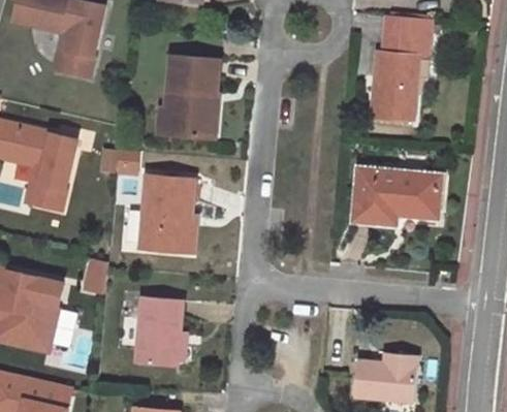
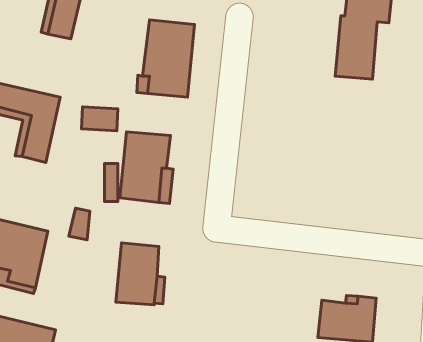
building: [351,168,440,229] -> none

